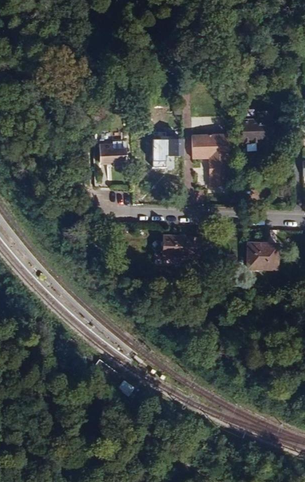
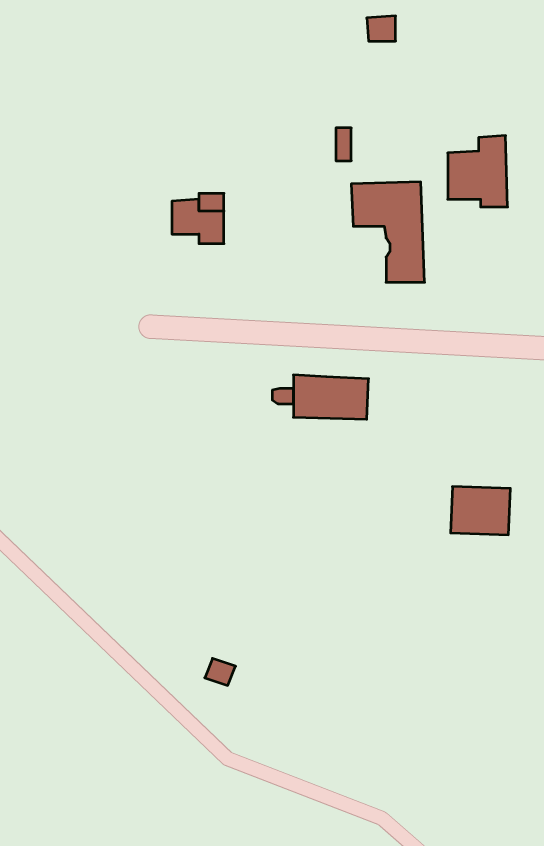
building: [161,140,183,156] -> none
building: [247,244,278,269] -> [451,487,510,535]

